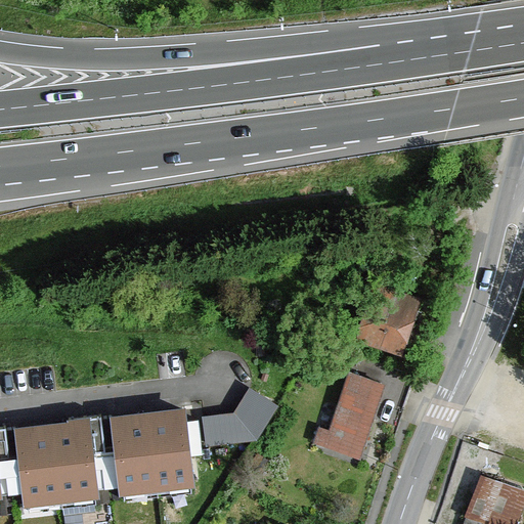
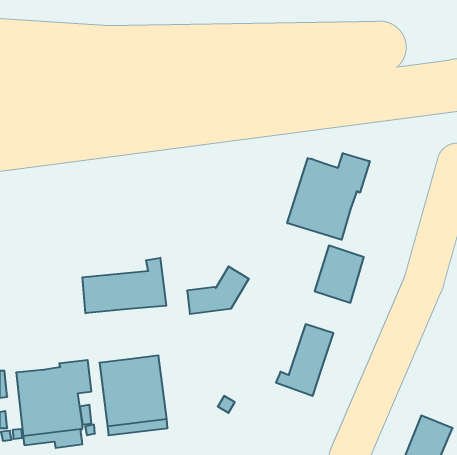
building: none -> [287,153,370,240]
building: none -> [82,258,166,313]
building: [204,390,274,444] -> [187,266,249,314]

